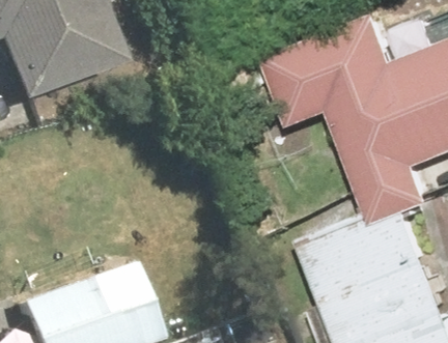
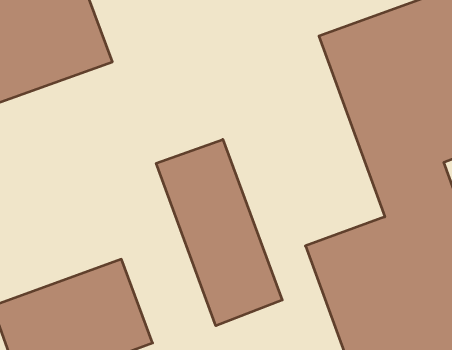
building: none -> [156,139,282,326]

